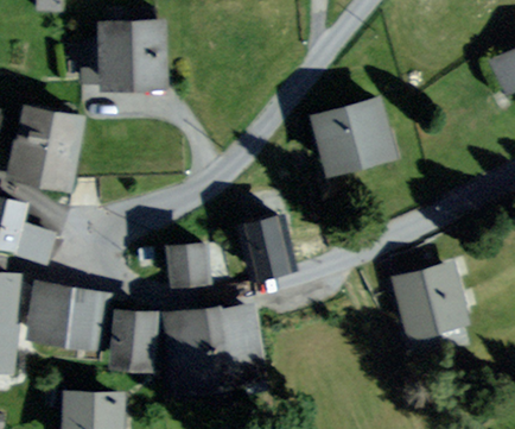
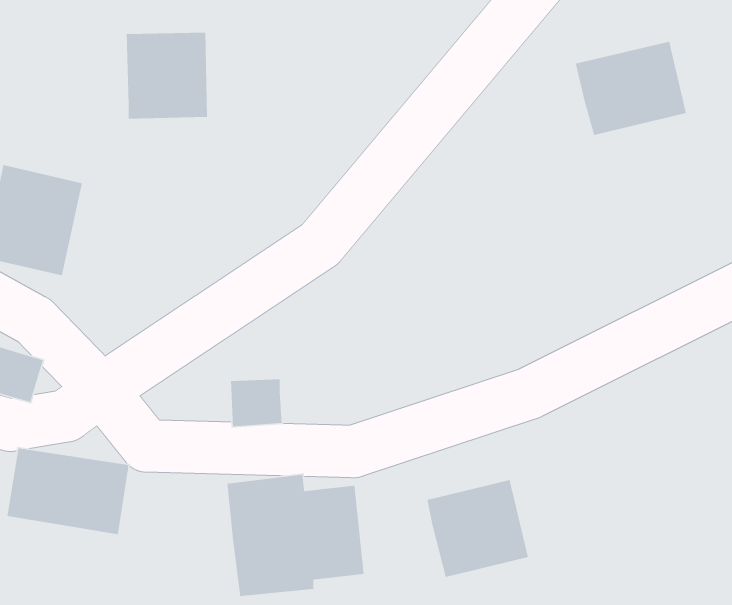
building: [313,106,384,166] -> [575,41,687,136]
building: [243,219,298,276] -> none
building: [393,271,458,334] -> [426,479,529,578]
building: [114,313,154,368] -> none

